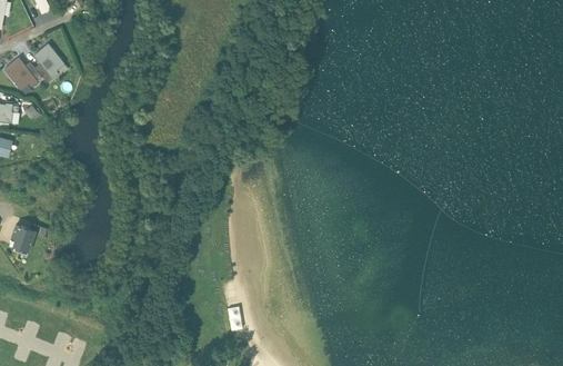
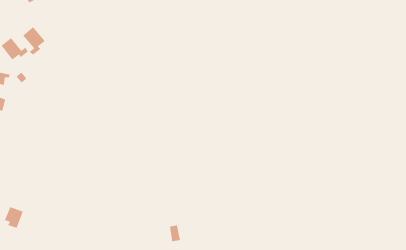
building: [9,225,36,255] -> [4,206,24,229]

